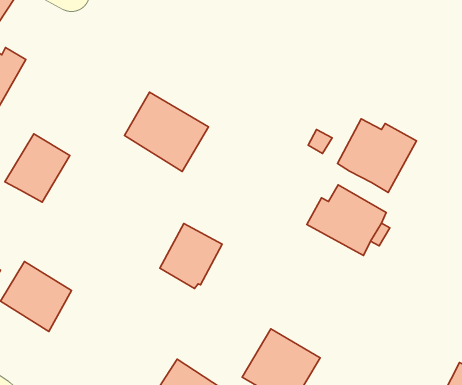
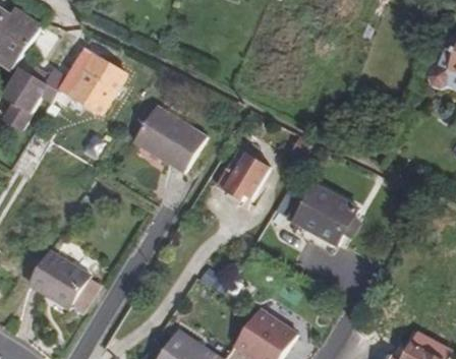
building: [338,119,417,192] -> none
building: [5,134,70,202] -> [69,55,124,113]
building: [160,224,222,289] -> [215,147,268,202]

